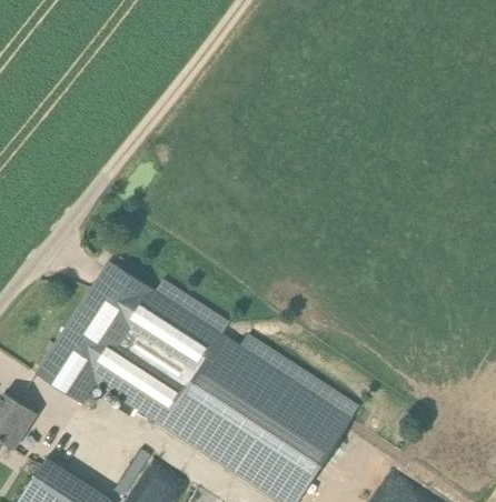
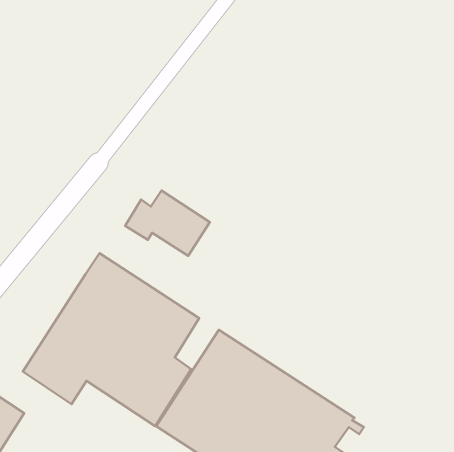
building: none -> [125,190,210,256]

